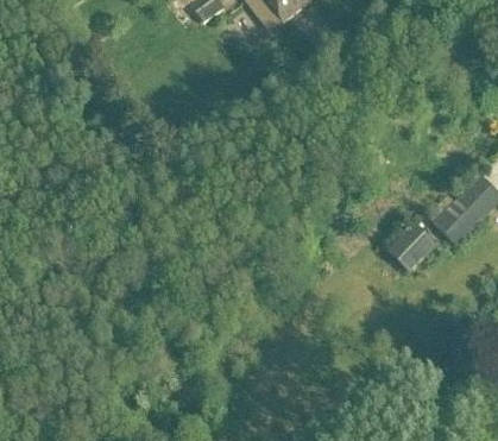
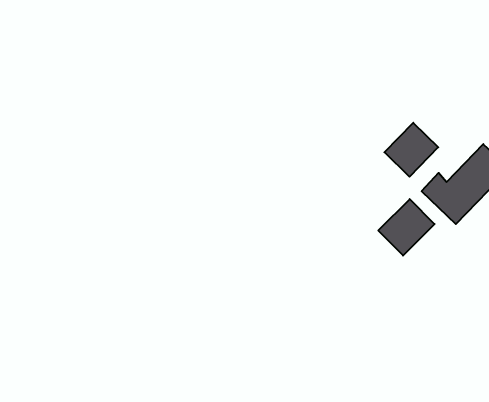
building: none -> [384,123,438,177]

